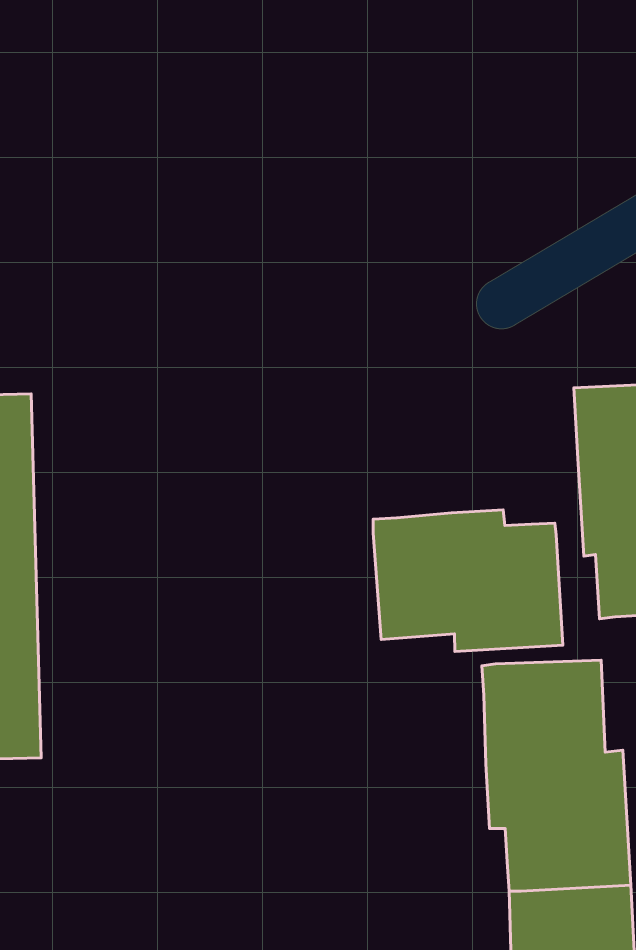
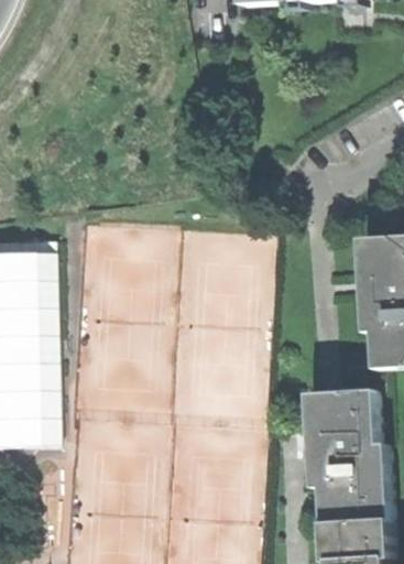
building: [373,510,563,652] -> none

